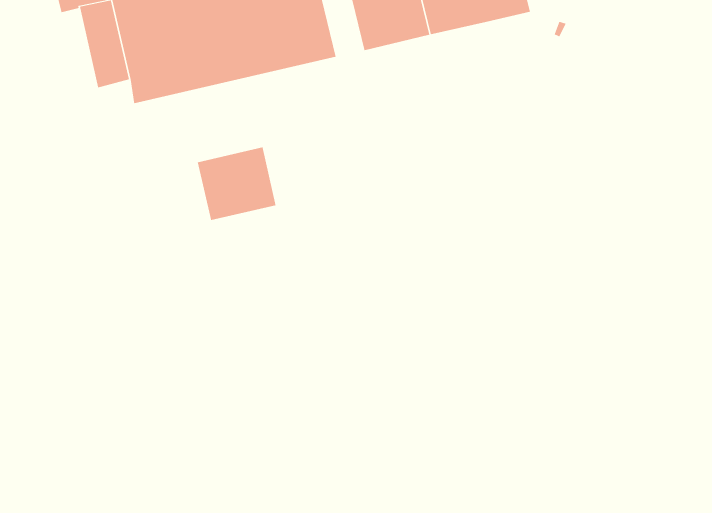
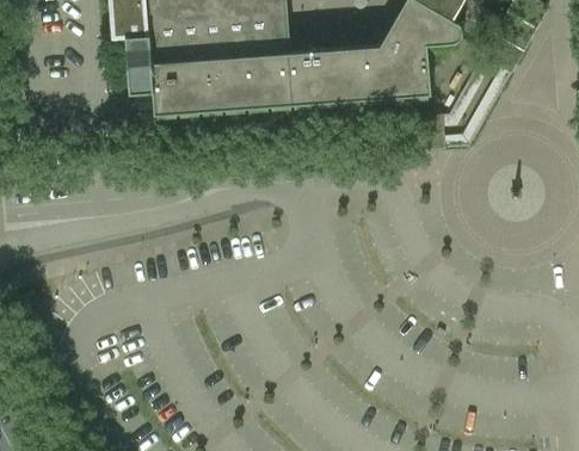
building: [197,147,276,221] -> none

